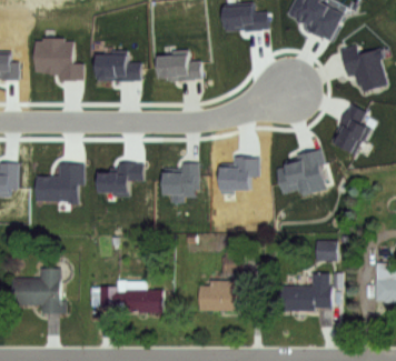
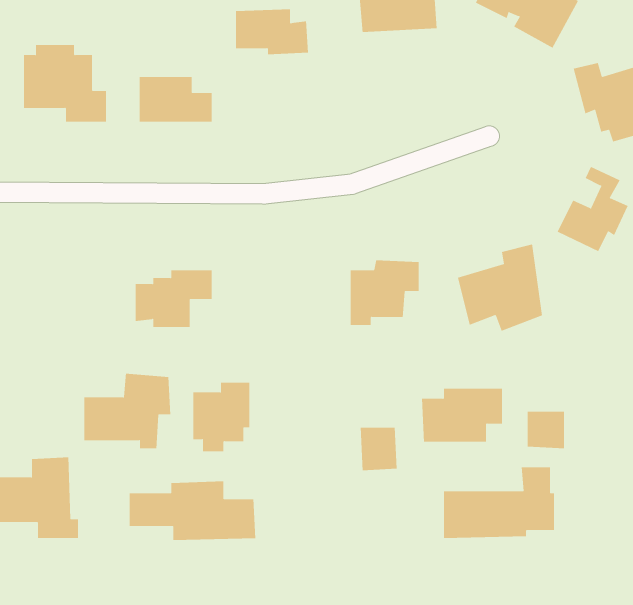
building: [160,54,201,80] -> [235,9,309,55]
building: [33,162,82,204] -> [83,373,171,449]
building: [162,163,195,202] -> [192,382,250,452]
building: [199,282,245,312] -> [421,388,503,442]

